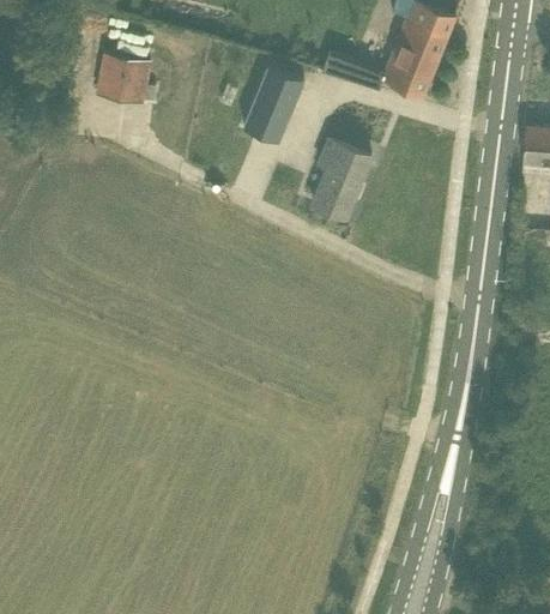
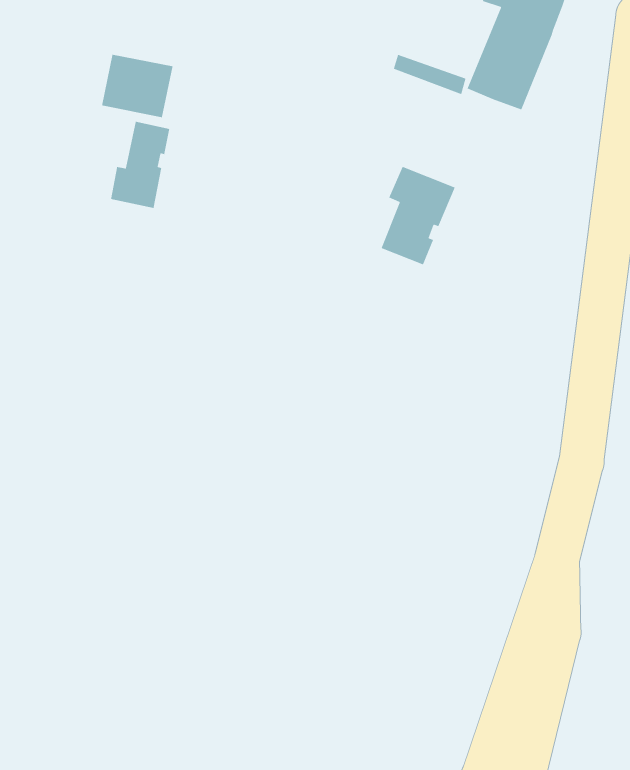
building: [243,66,306,143] -> none
building: none -> [110,121,170,209]

